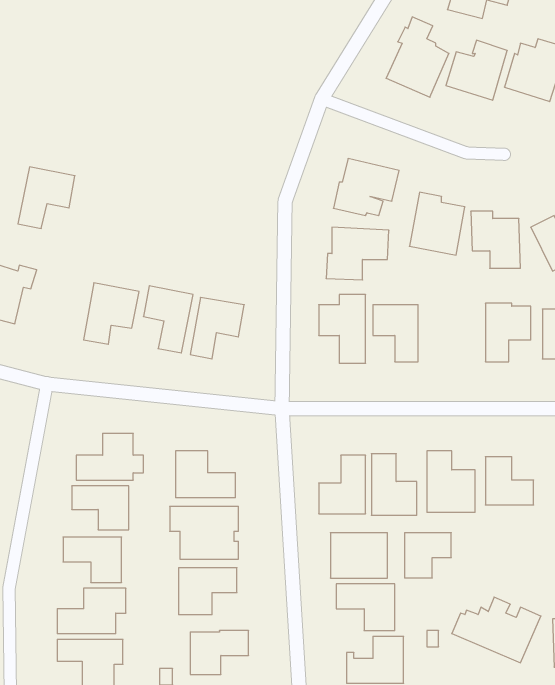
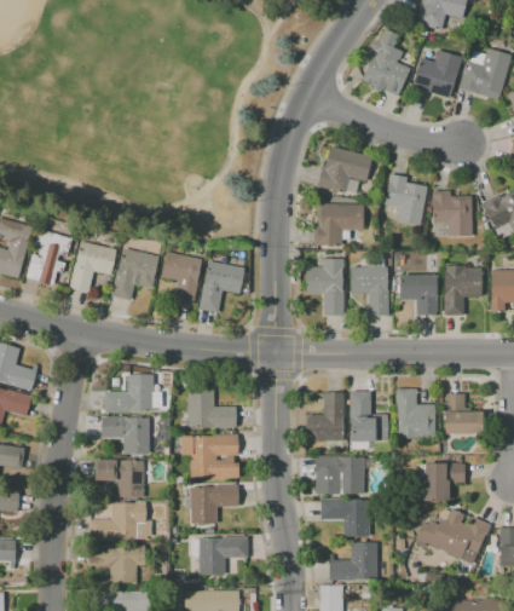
building: [18,167,75,228] -> [69,242,116,293]
building: none -> [399,275,438,315]
building: [405,533,451,578] -> [426,463,464,501]

